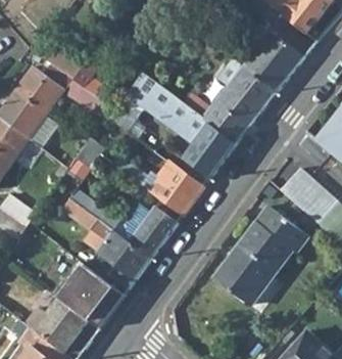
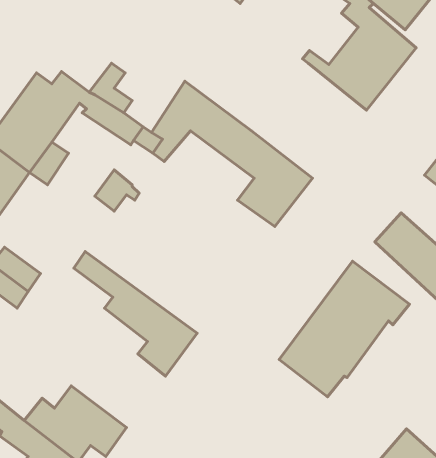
building: [191,57,276,142] -> none
building: [110,153,203,215] -> none
building: [68,189,177,257] -> none
building: [51,258,124,326] -> none

